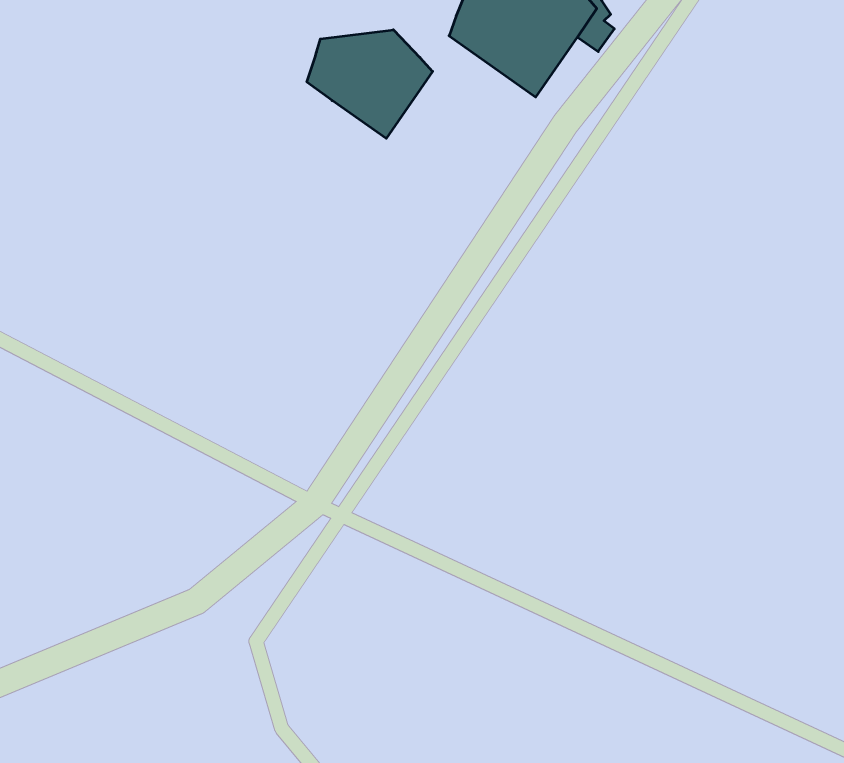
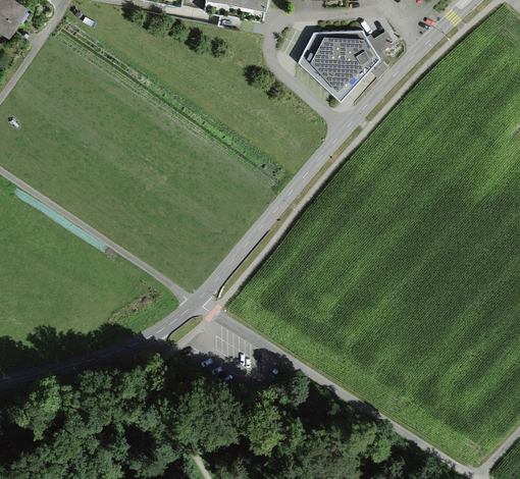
building: [307,30,433,138] -> none

